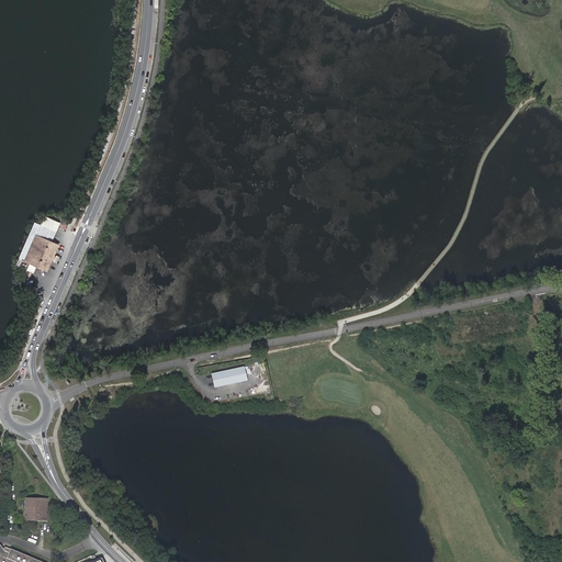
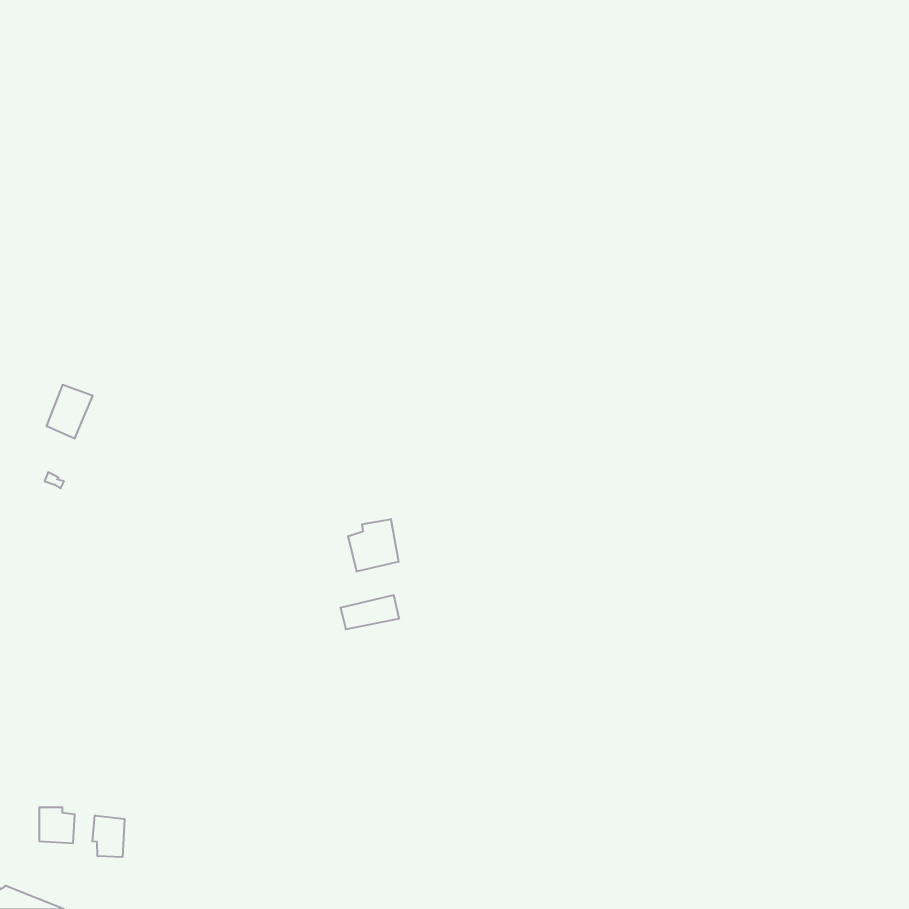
building: none -> [348,519,399,572]
building: none -> [92,815,125,857]

